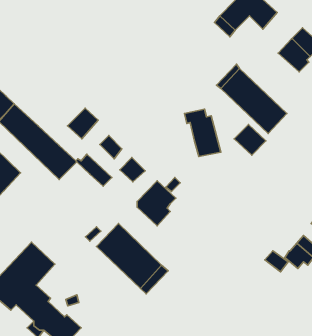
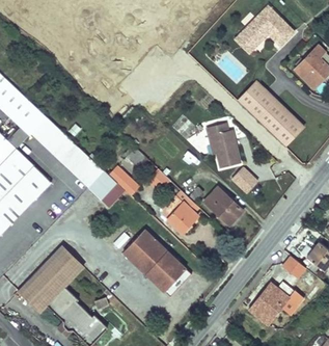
building: [67,108,98,139] -> [88,172,117,202]
building: [234,124,266,155] -> [227,165,257,194]
building: none -> [204,187,242,224]
building: none -> [248,281,298,325]

